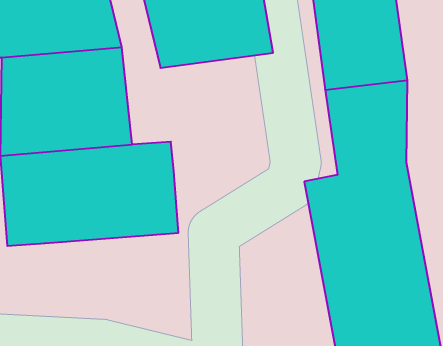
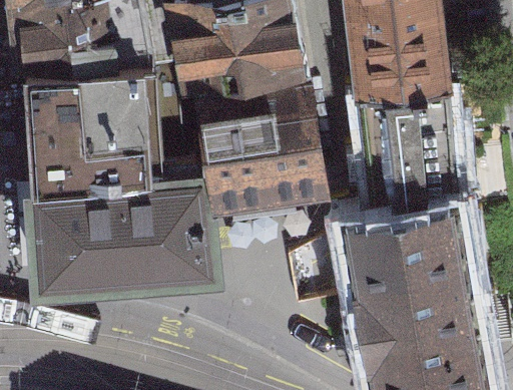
building: none -> [191,73,324,199]

